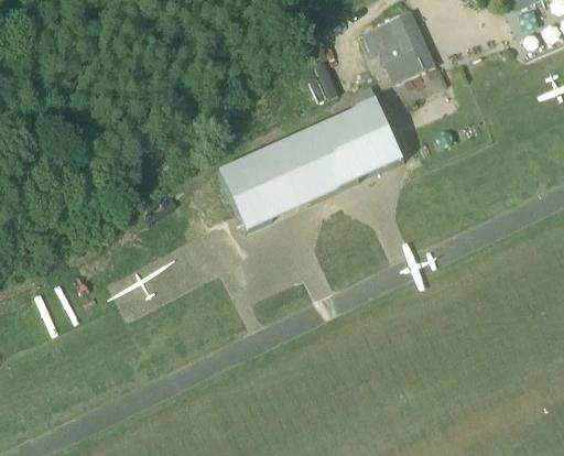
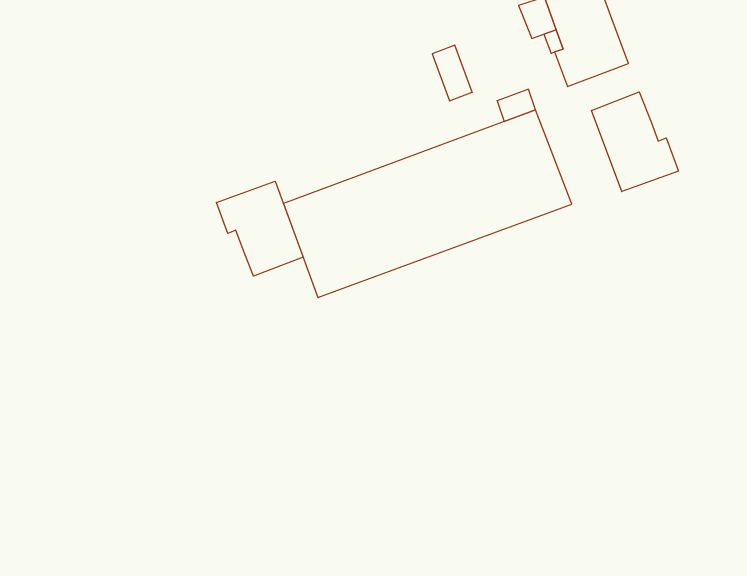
building: none -> [592,92,678,192]
building: none -> [216,181,303,276]

